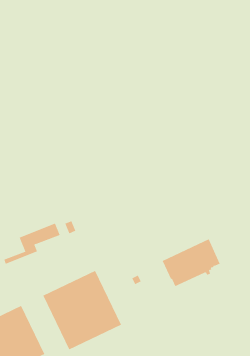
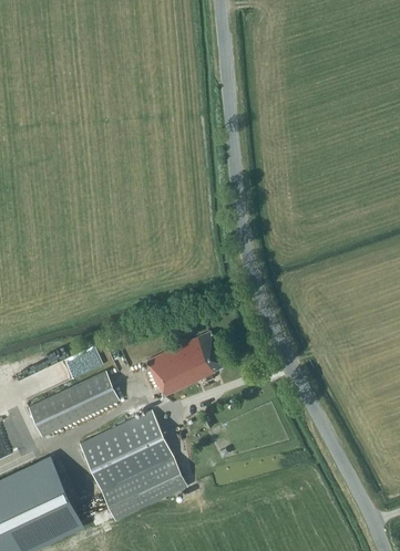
building: [162,239,221,287] -> [145,332,225,397]
building: none -> [27,372,117,437]

